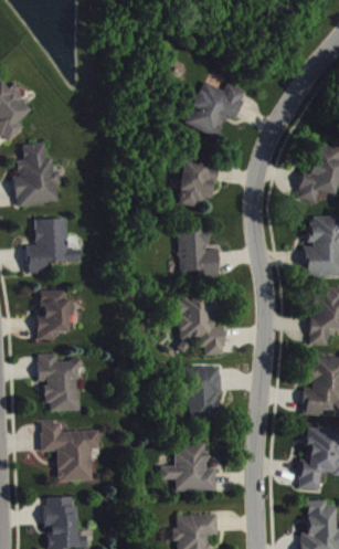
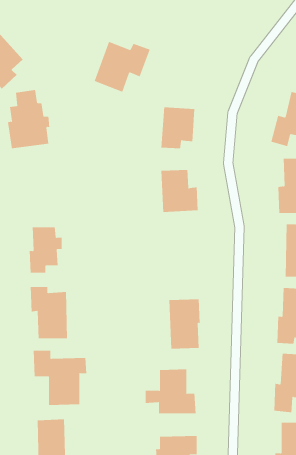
building: [186,81,246,136] -> [94,41,151,92]
building: [27,218,80,273] -> none
building: [178,294,224,355] -> none

